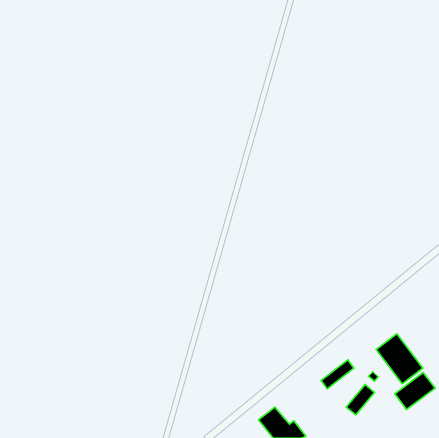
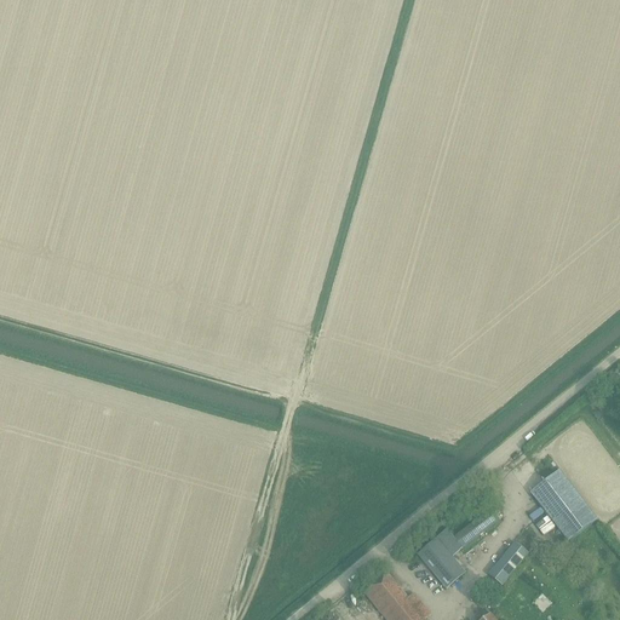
building: [395,373,435,410] -> none
building: none -> [417,536,465,587]

